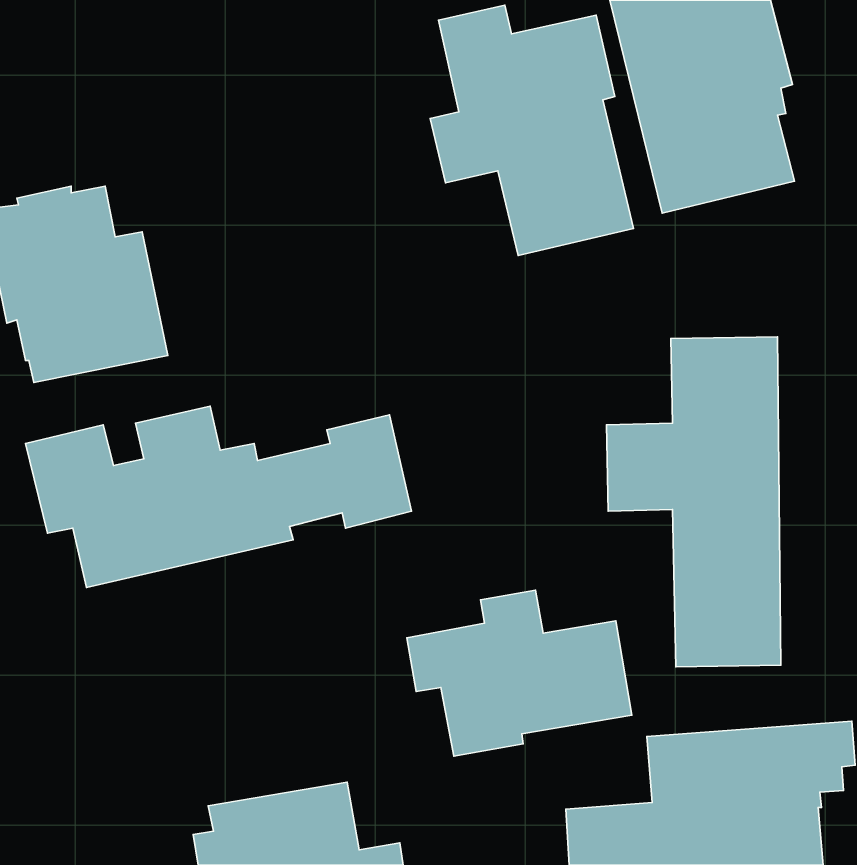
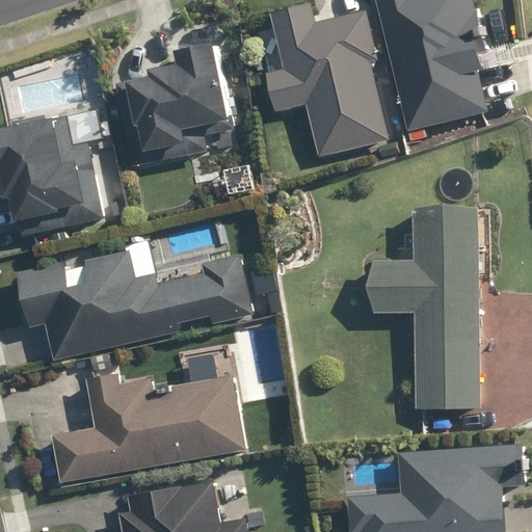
building: none -> [113,43,233,166]
building: [407,590,632,756] -> none
building: none -> [52,373,246,482]

